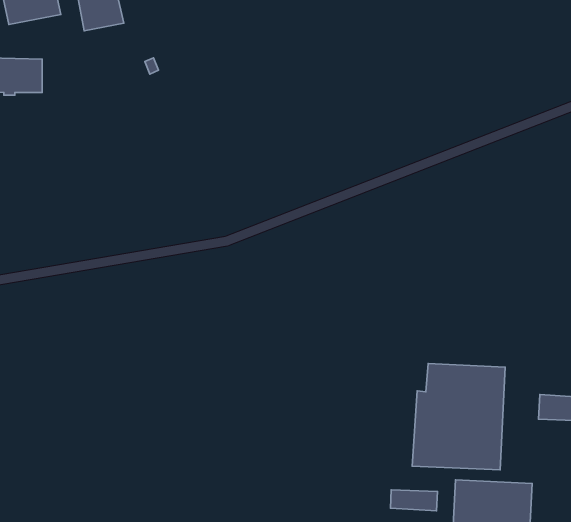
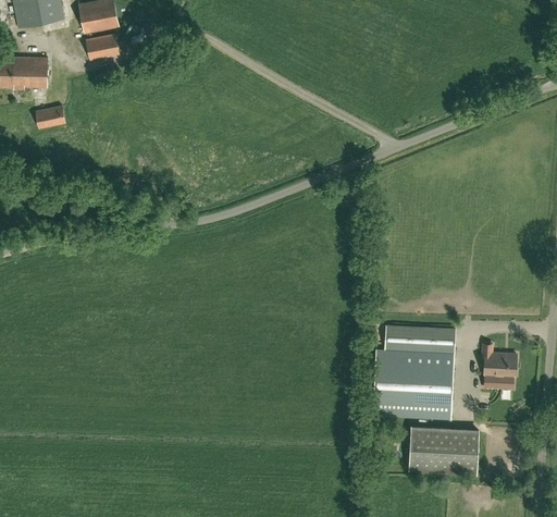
building: none -> [86,34,119,60]
building: none -> [35,106,64,128]
building: [390,490,437,511] -> none

